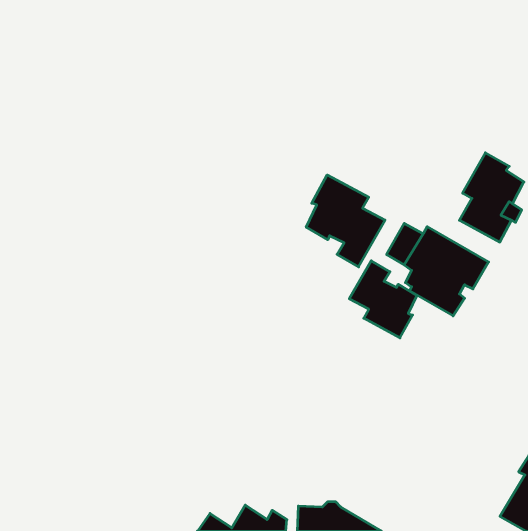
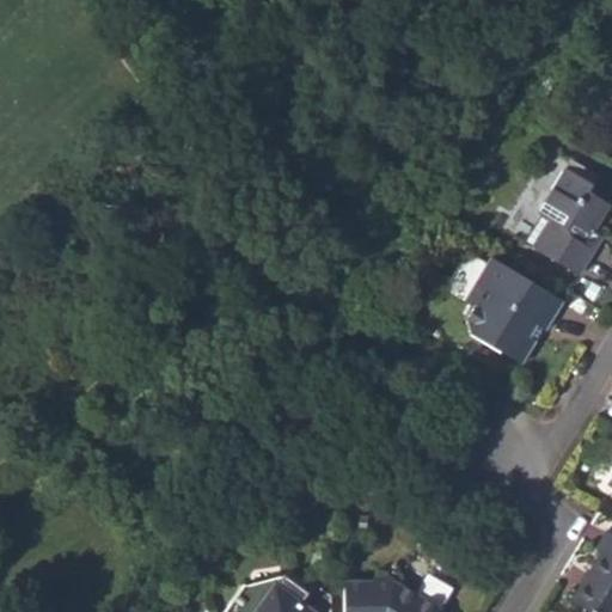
building: [306,175,385,267] -> none
building: [349,261,417,338] -> none

